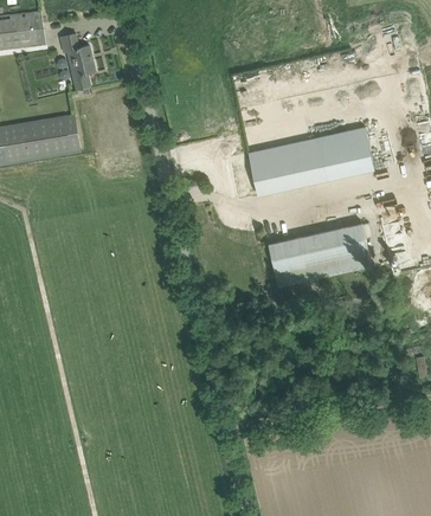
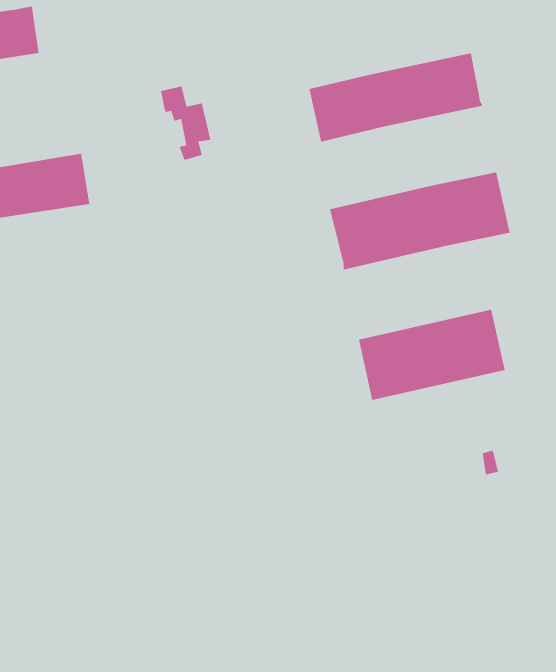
building: [58,34,94,86] -> [160,86,211,160]
building: none -> [309,52,483,142]

